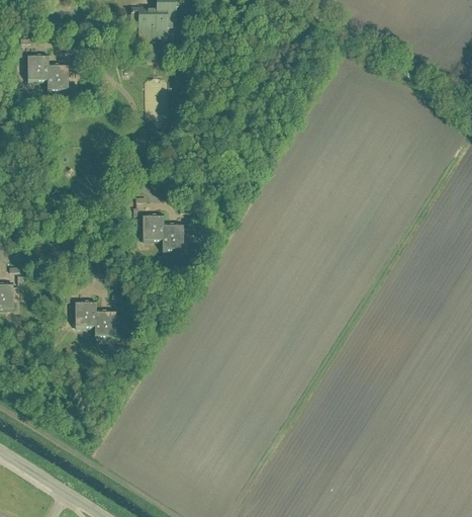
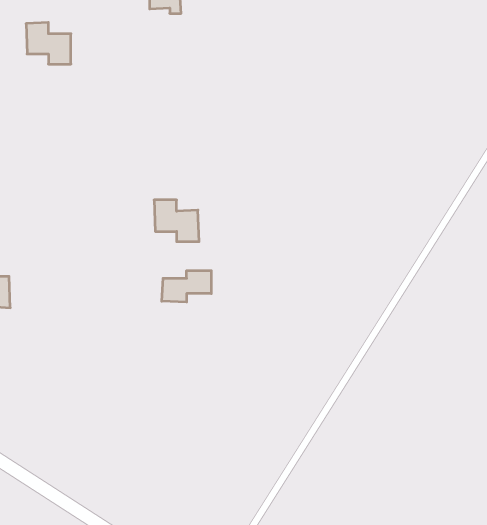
building: none -> [162,271,211,302]
building: [75,300,115,338] -> none

